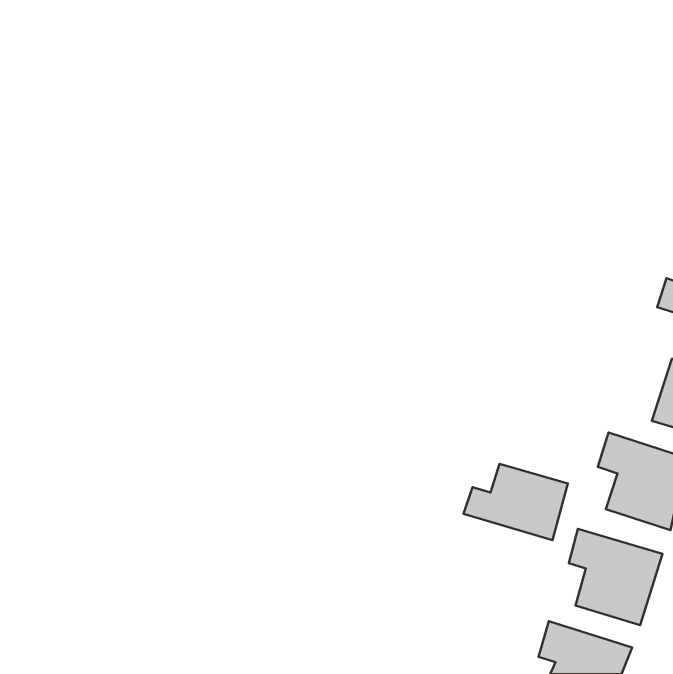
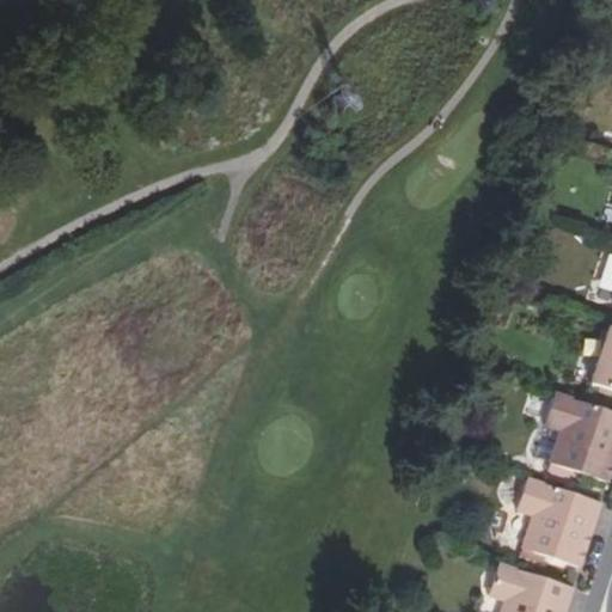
building: [464,464,568,540] -> none

